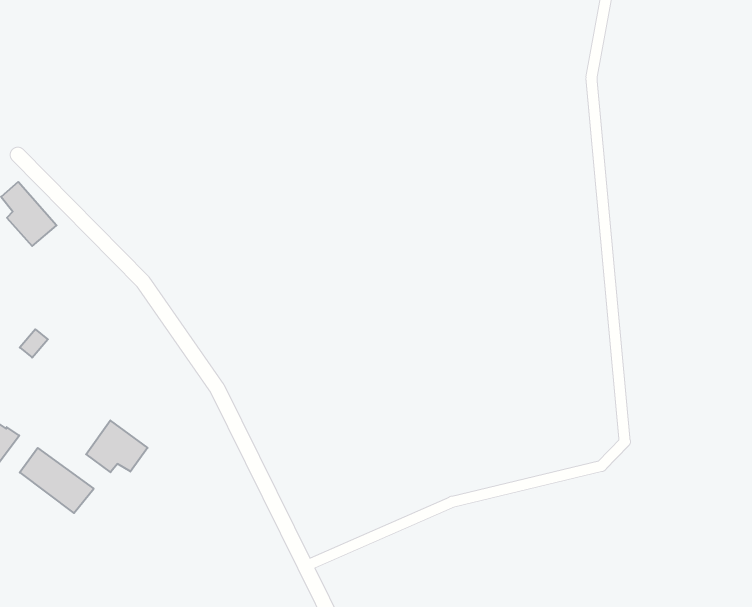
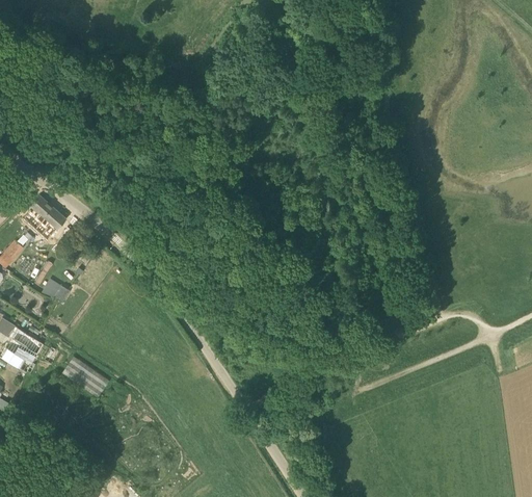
building: [86,420,148,472] -> none

